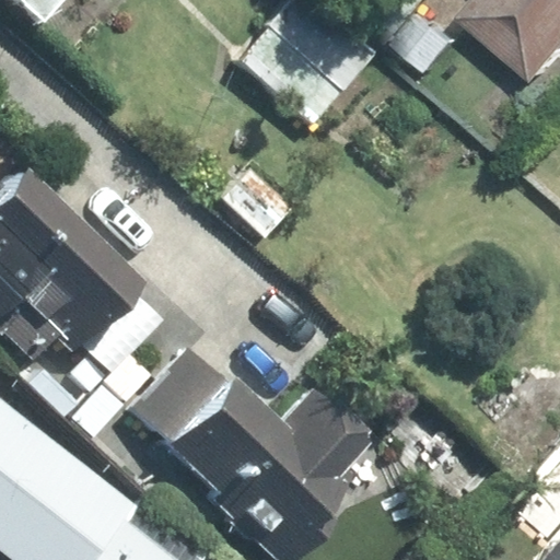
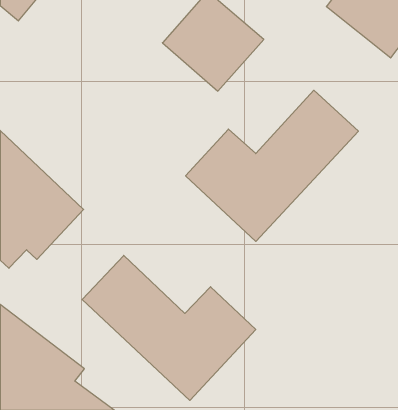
building: none -> [186,90,358,241]

